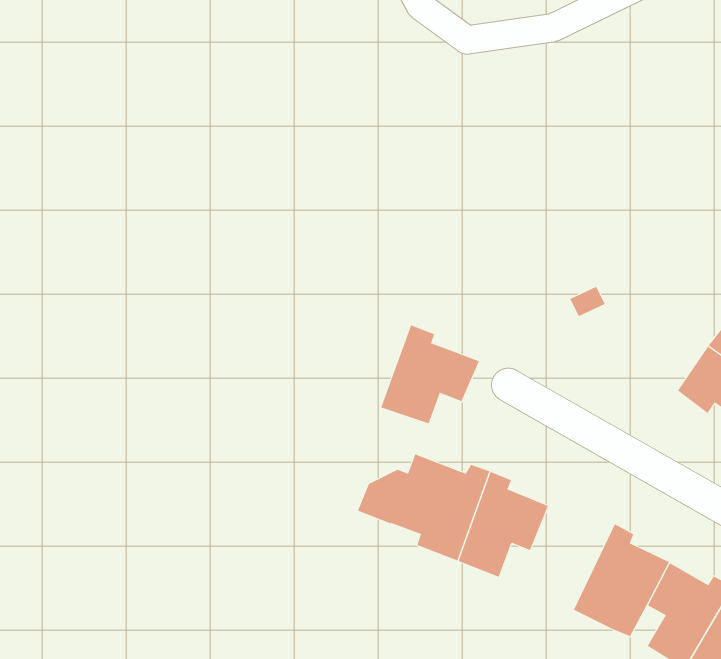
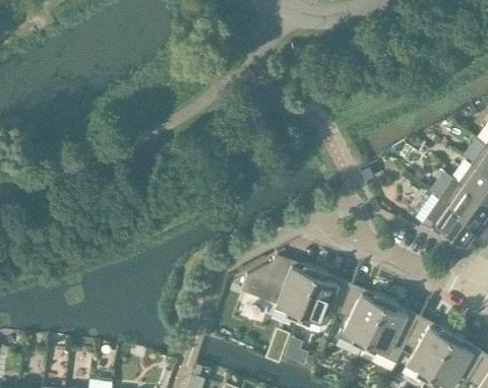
building: [380,324,480,424] -> none
building: none -> [339,286,386,346]

